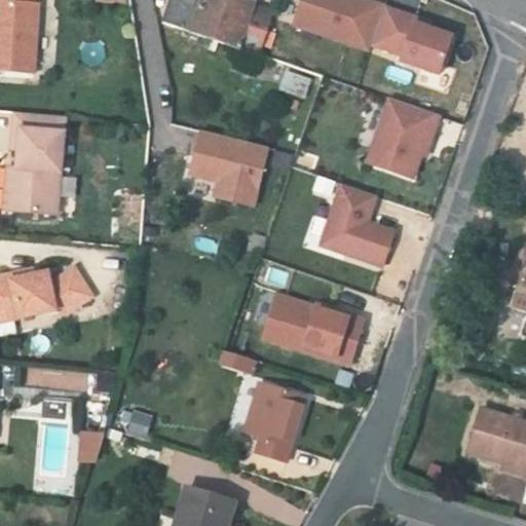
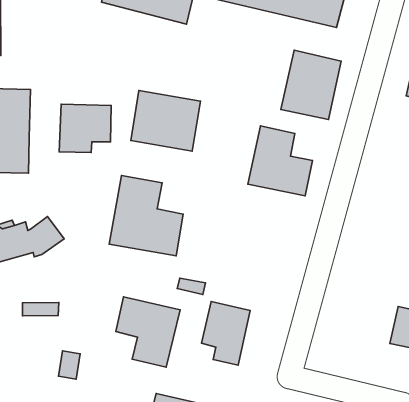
building: none -> [59,104,111,153]
building: none -> [109,176,183,256]
building: [258,289,365,366] -> none
building: none -> [116,297,180,367]

